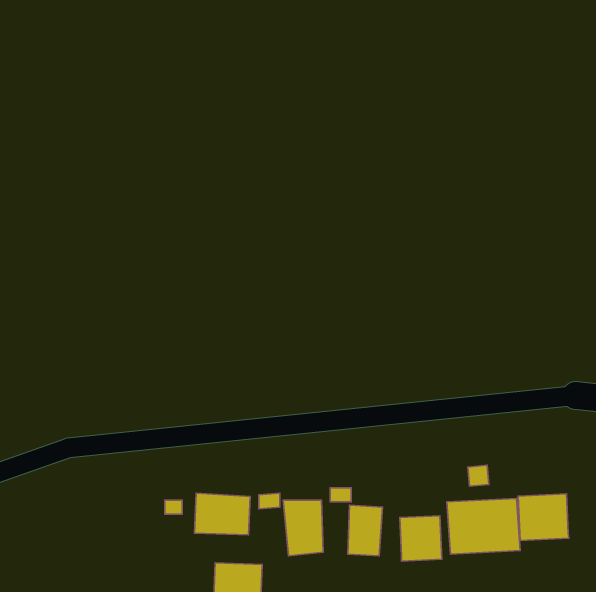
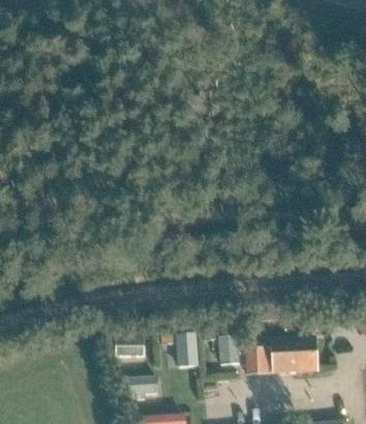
building: [518,494,569,540] -> none

